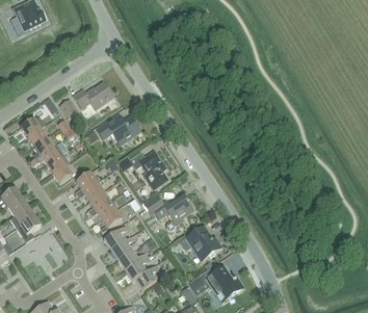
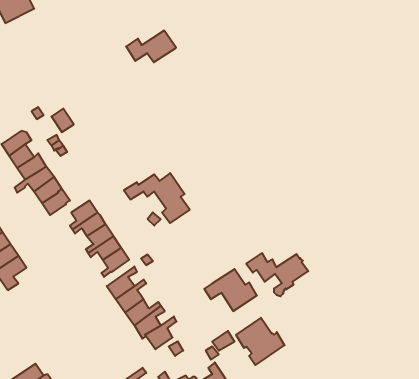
building: [74,83,113,108] -> [126,31,176,62]
building: [98,114,140,145] -> none
building: [144,194,193,229] -> [246,253,308,296]

